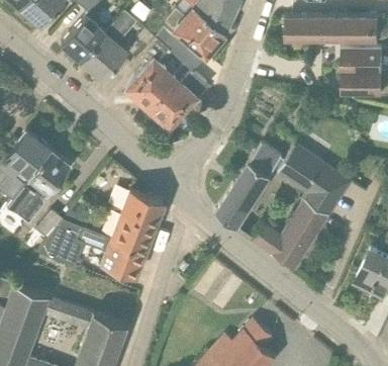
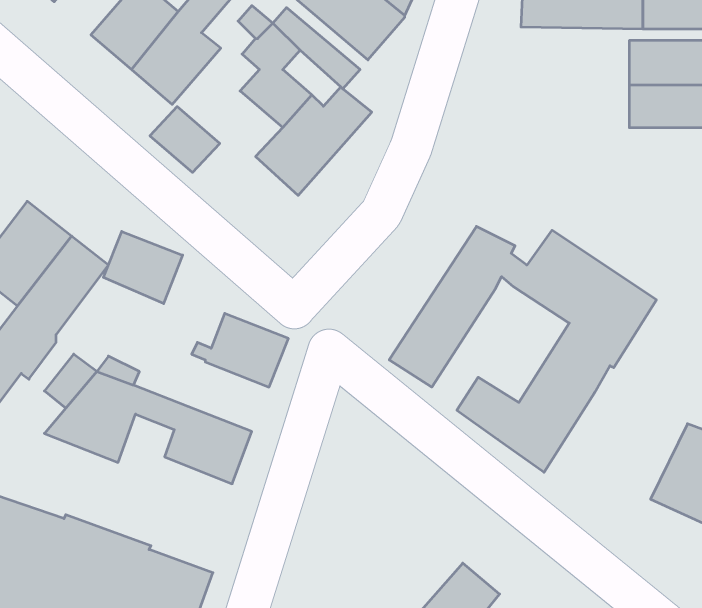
building: [124,74,161,108] -> [150,107,220,172]
building: none -> [103,231,183,304]
building: [111,215,154,252] -> none

